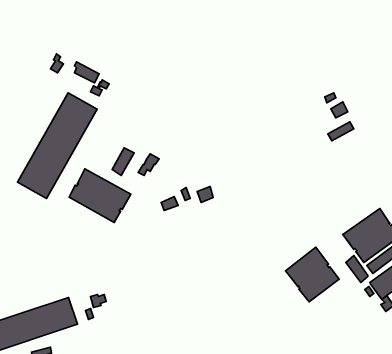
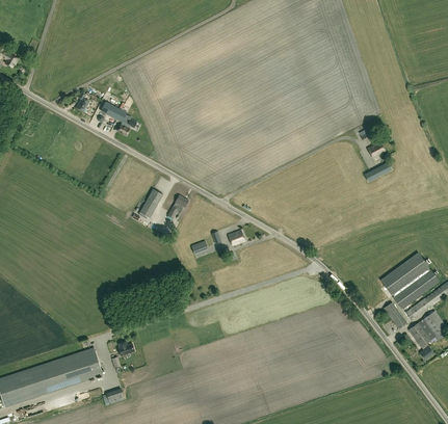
building: [18,93,97,199] -> none
building: [69,169,131,223] -> none
building: [286,247,339,302] -> none

